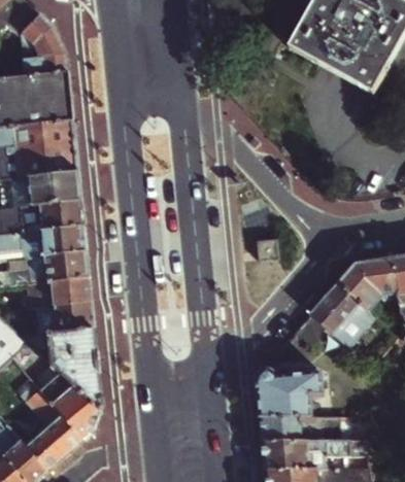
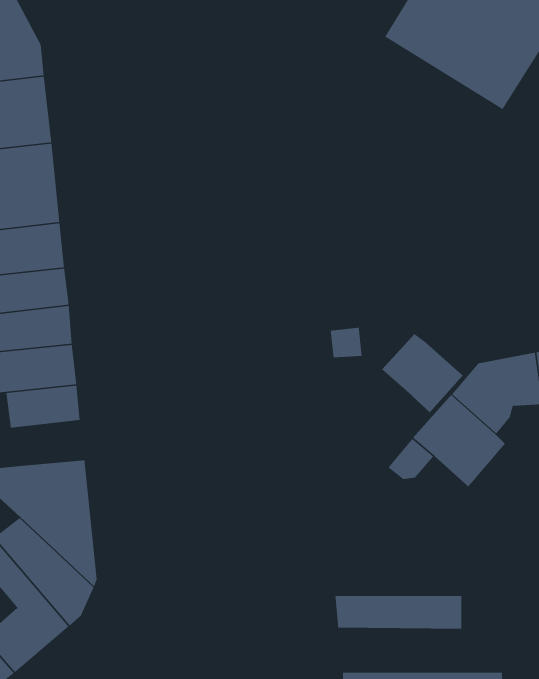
building: none -> [381,333,463,413]
building: [44,302,94,332] -> none
building: [255,366,328,417] -> none
building: [261,439,370,468] -> none

